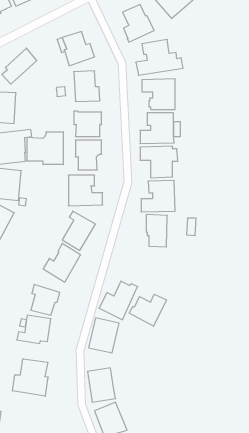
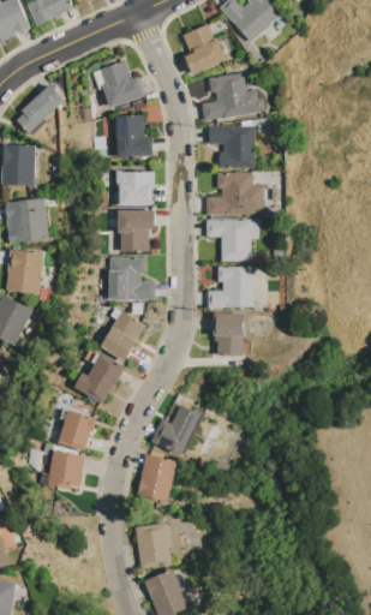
building: [27,132,63,165] -> none
building: [129,294,166,326] -> none
building: [12,359,48,396] -> none

